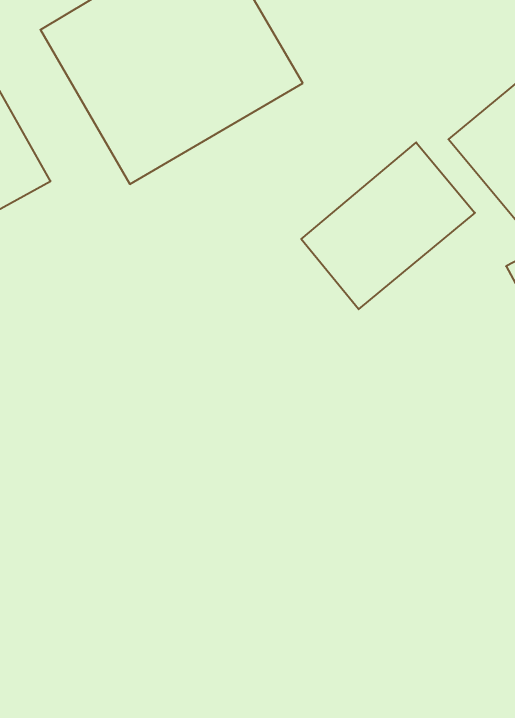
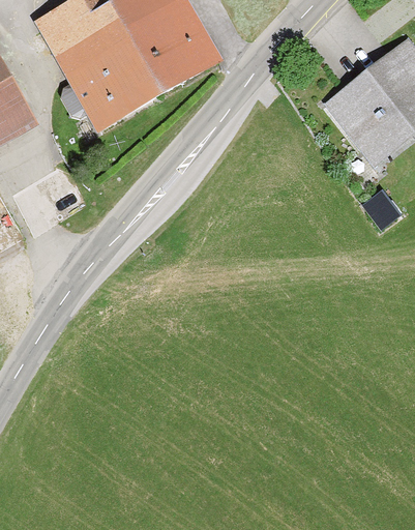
building: [301,142,475,309] -> none

